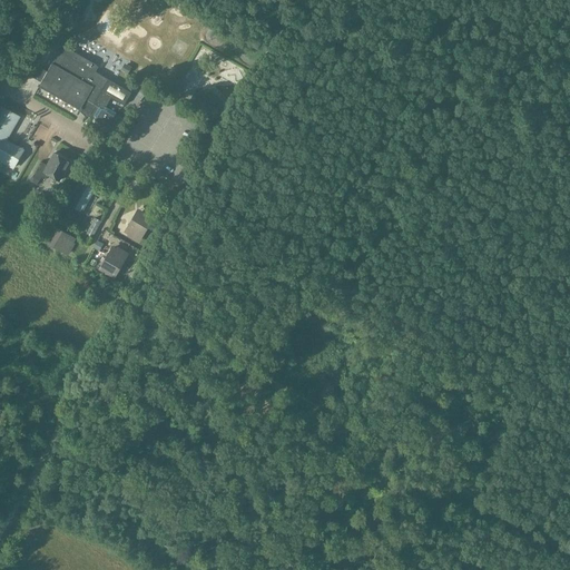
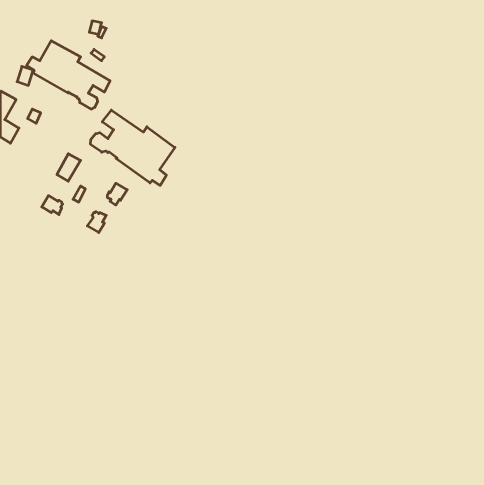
building: none -> [91,110,175,185]
building: [30,153,70,186] -> none

